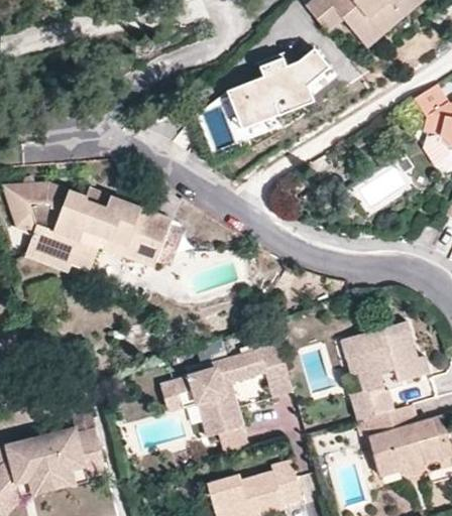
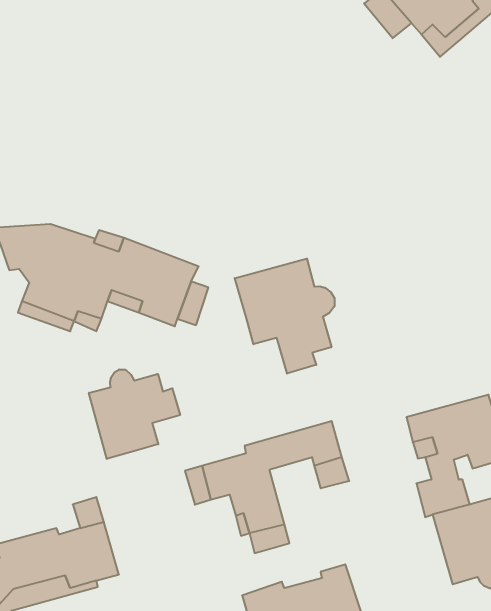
building: [226,45,324,124] -> none
building: none -> [235,259,335,374]
building: none -> [89,369,180,459]

